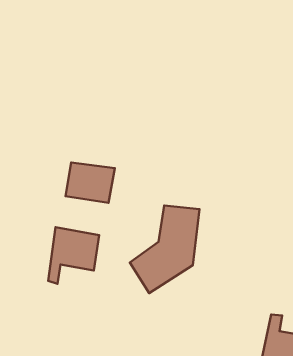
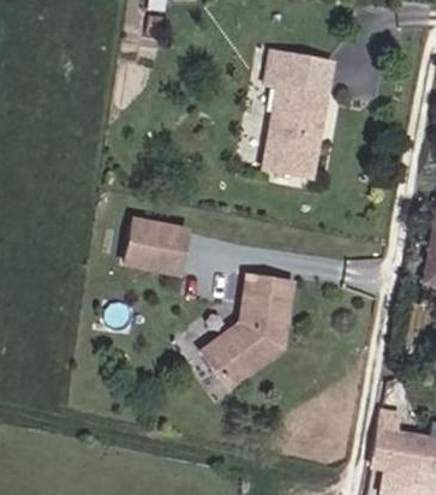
building: none -> [264,43,330,172]
building: [48,227,99,284] -> none

